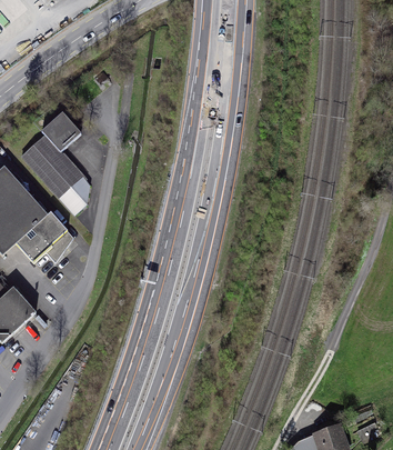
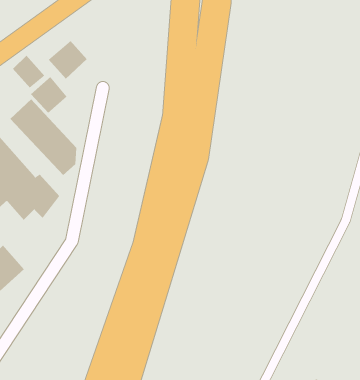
building: none -> [48,40,87,80]
building: none -> [12,55,45,88]

